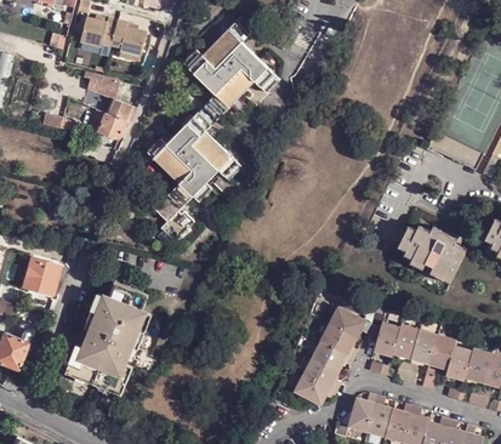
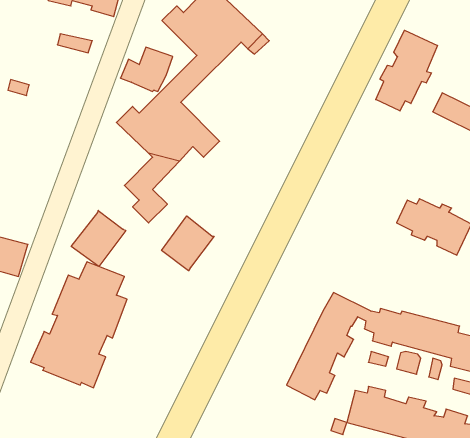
building: none -> [376,30,437,111]
building: [89,99,136,140] -> [120,47,173,91]
building: none -> [71,210,126,266]
building: none -> [162,216,214,271]

